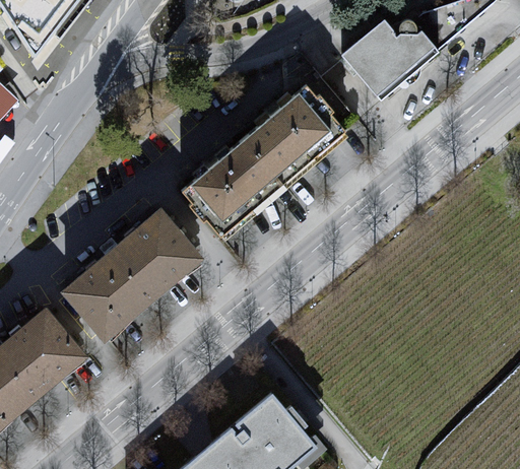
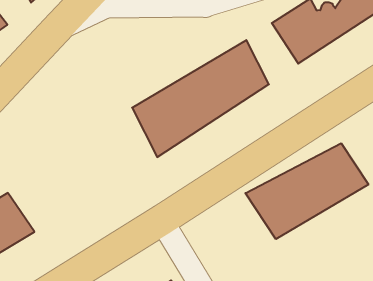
building: none -> [245,143,368,239]
building: [59,209,198,340] -> none

